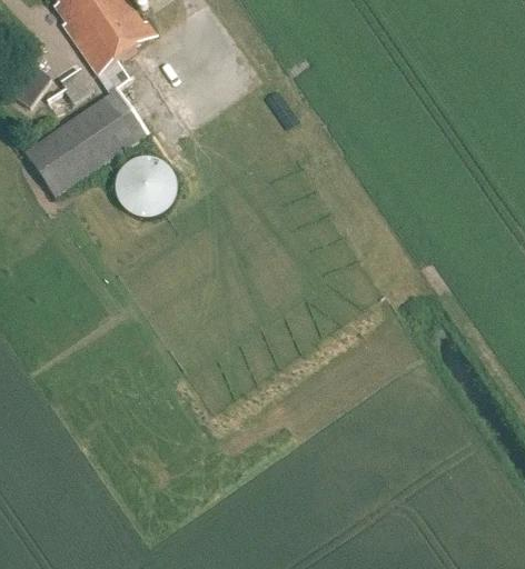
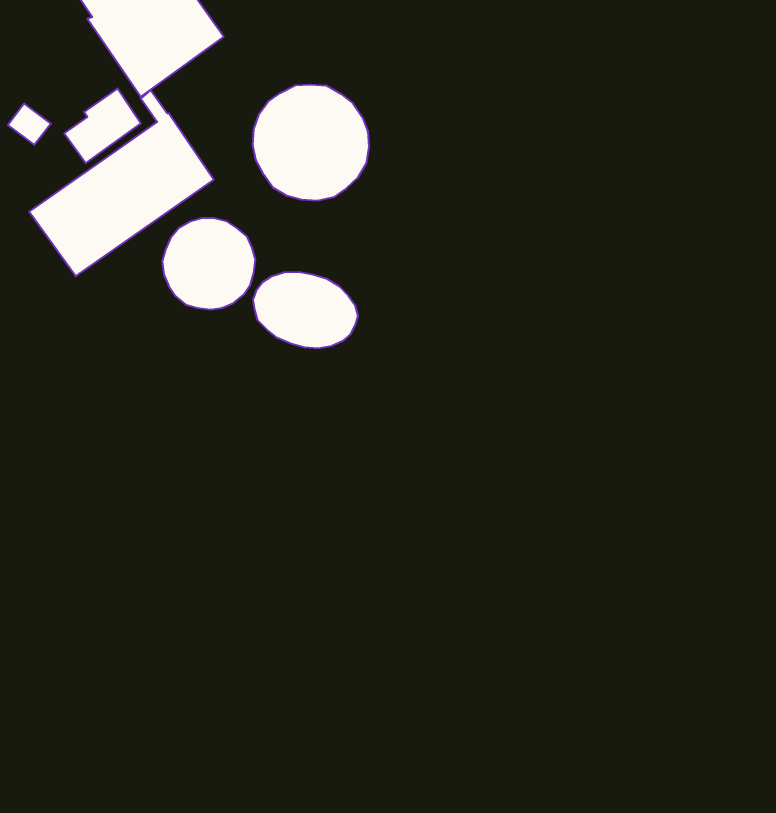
building: none -> [253,84,369,201]
building: none -> [253,272,358,348]

